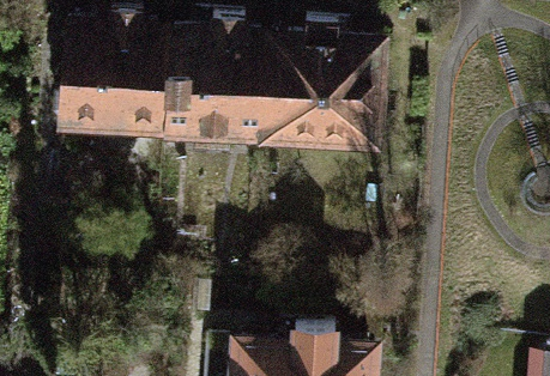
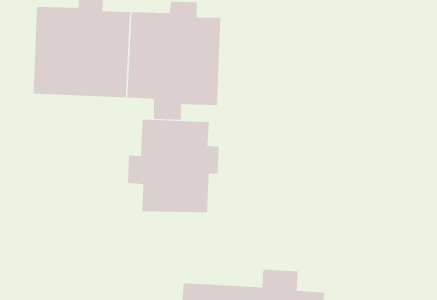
building: [265,28,382,144] -> none
building: none -> [127,119,219,213]

